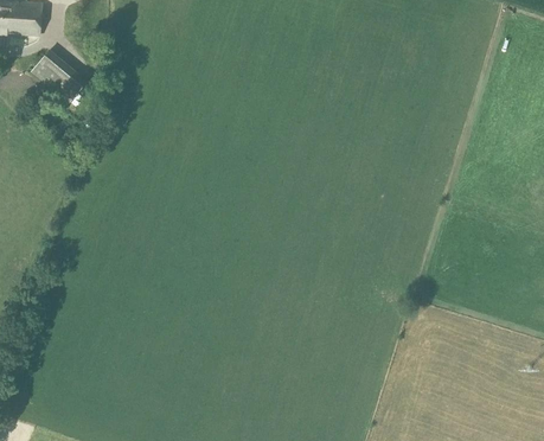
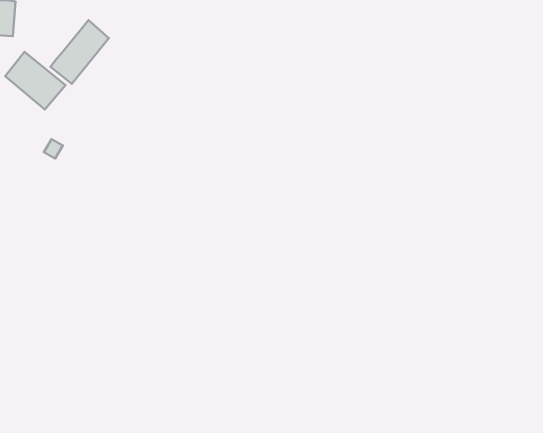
building: none -> [51,20,109,84]

